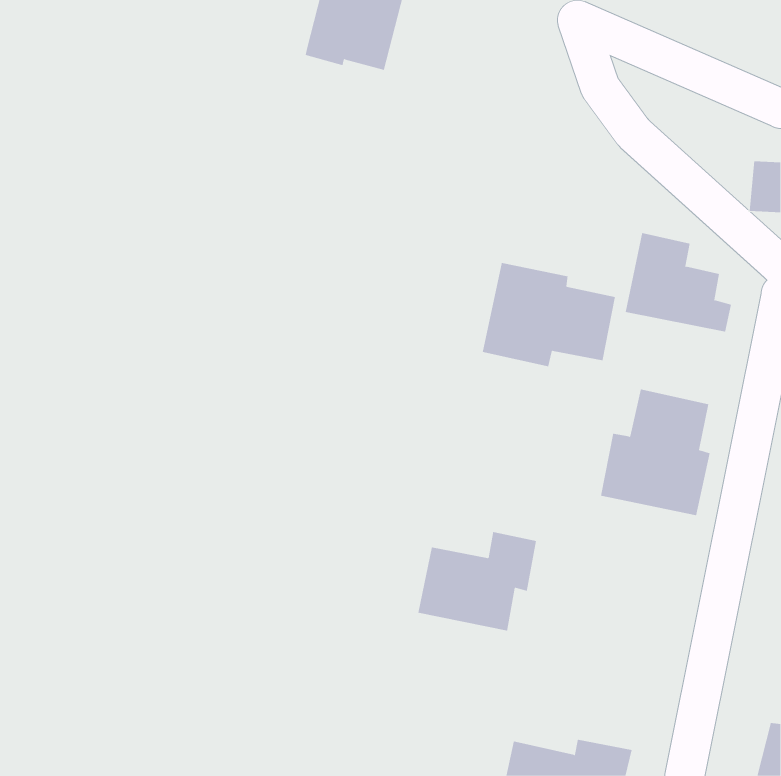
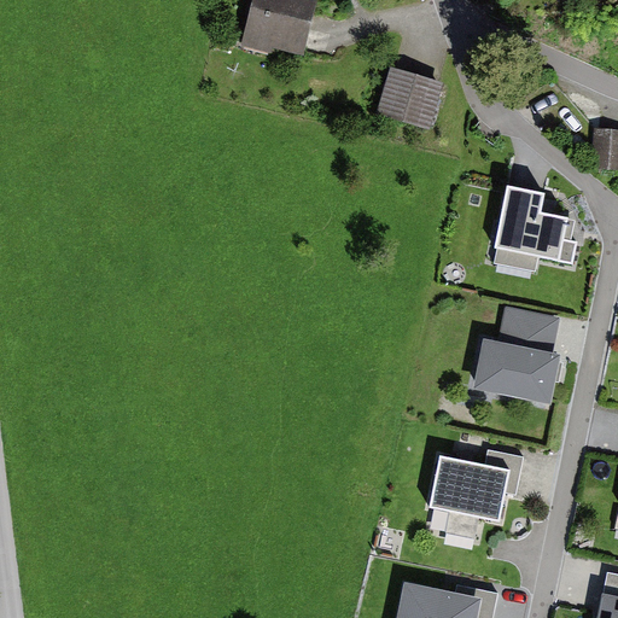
building: none -> [375,68,443,130]
building: [482,262,615,367] -> none
building: [417,532,537,631] -> [428,447,523,525]

